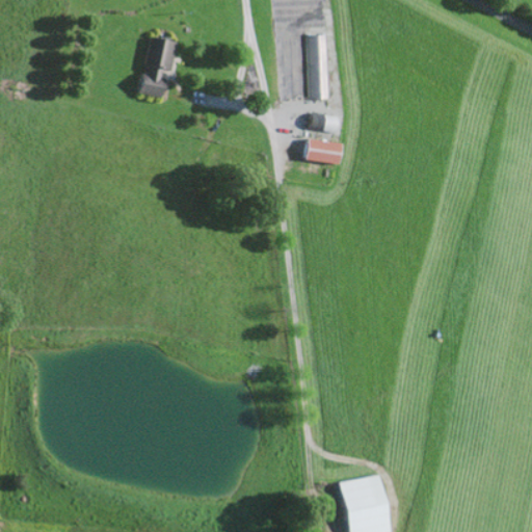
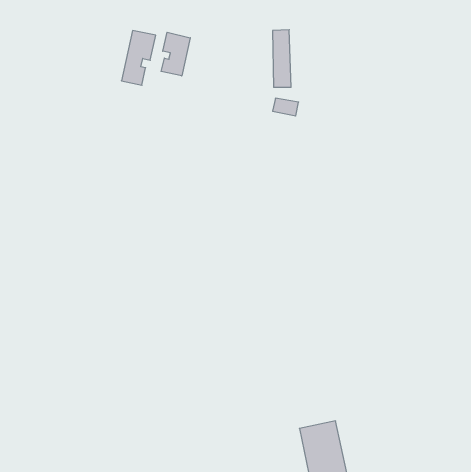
building: none -> [161,32,190,76]
building: [307,138,342,163] -> none

